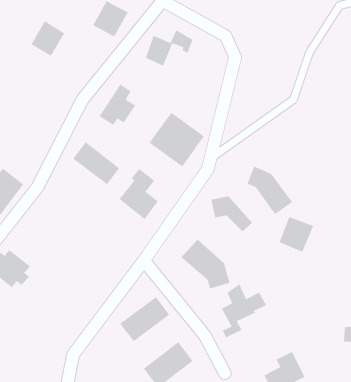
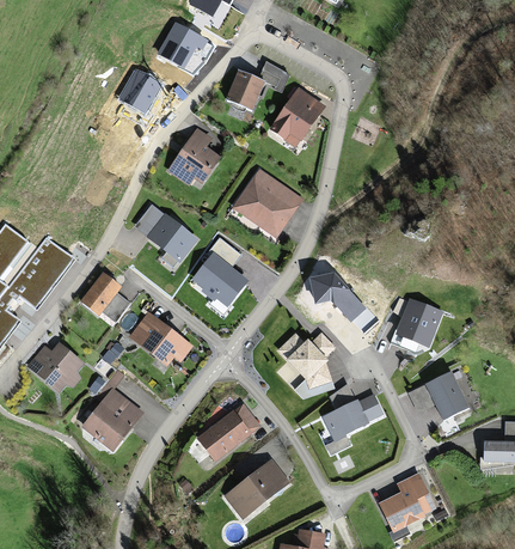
building: [30,20,65,57] -> [118,68,163,115]
building: none -> [274,91,319,145]
building: [247,166,293,215] -> none
building: none -> [79,269,125,323]
building: none -> [128,313,194,366]
building: none -> [406,370,466,421]
building: none -> [82,392,140,451]

